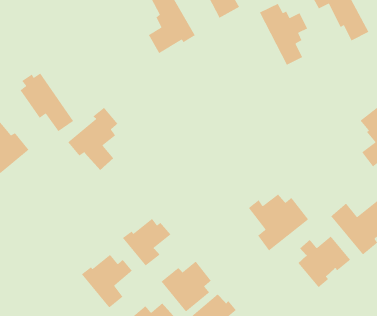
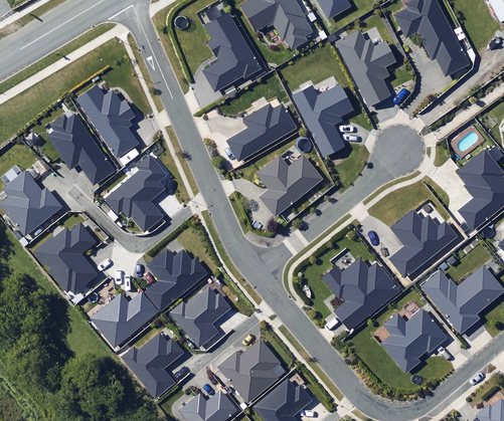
building: none -> [76,85,140,160]
building: none -> [294,85,351,157]
building: none -> [228,104,296,161]
building: none -> [256,155,323,216]
building: none -> [390,211,457,277]
building: none -> [36,220,98,295]
building: none -> [148,249,207,308]
building: none -> [93,292,159,347]

